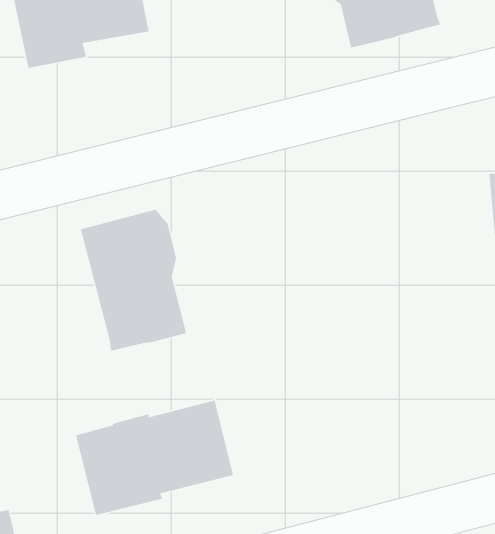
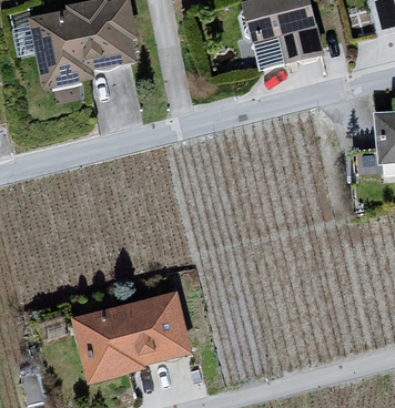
building: [80,209,187,352] -> none

